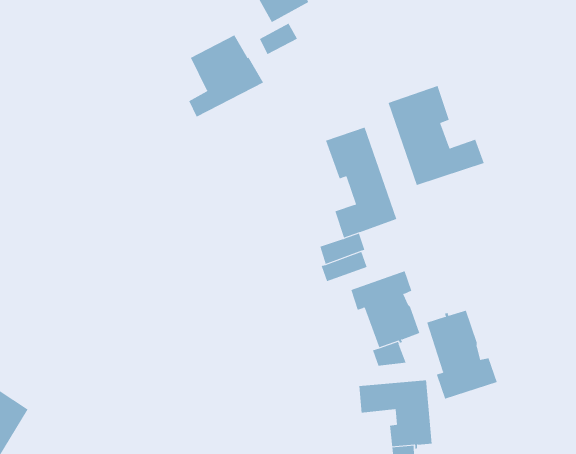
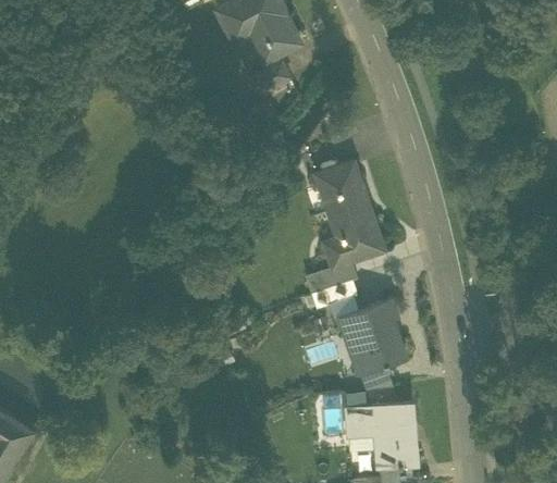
building: [188,35,264,117] -> none
building: [388,85,484,186] -> none
building: [427,310,497,399] -> none

